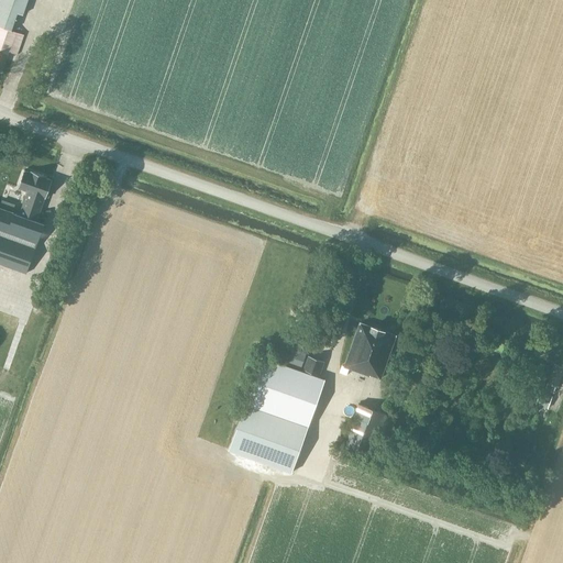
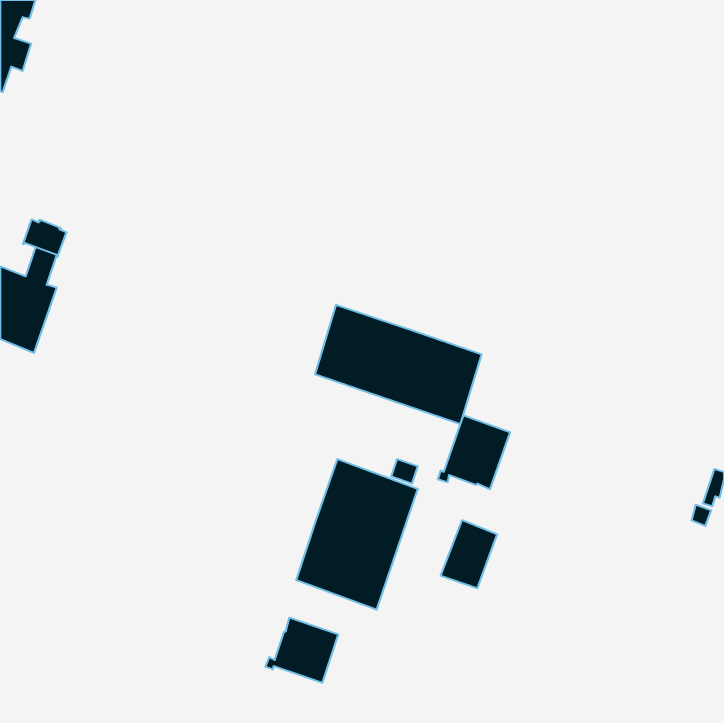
building: none -> [315,305,481,424]
building: none -> [266,618,338,683]

